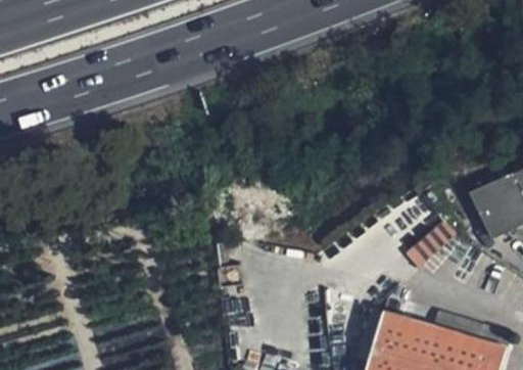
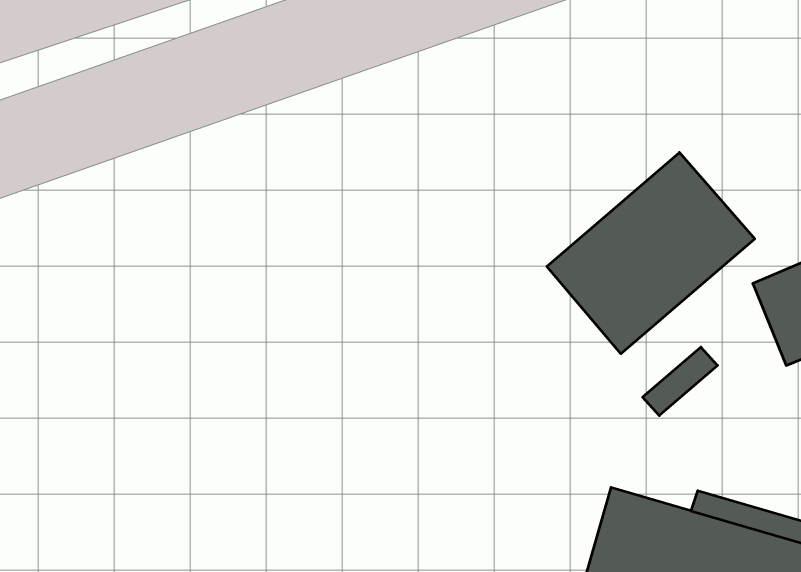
building: none -> [547,152,755,354]

